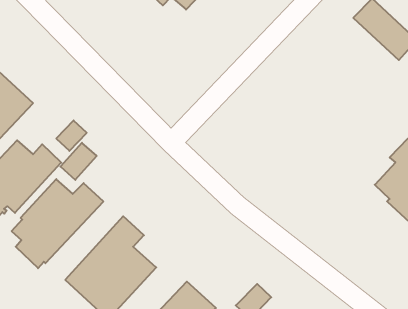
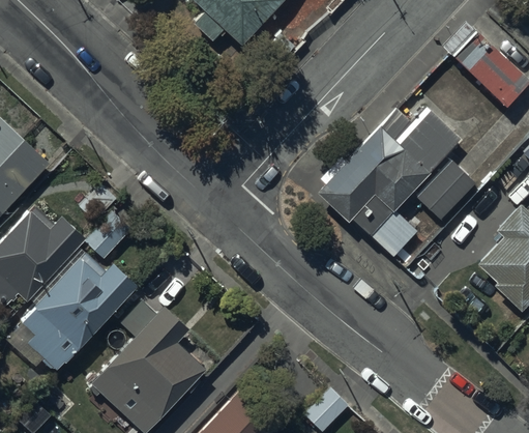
building: none -> [316,105,462,235]
building: none -> [417,162,475,220]

